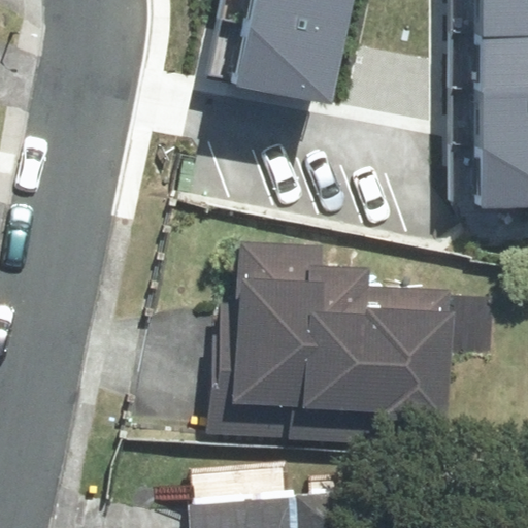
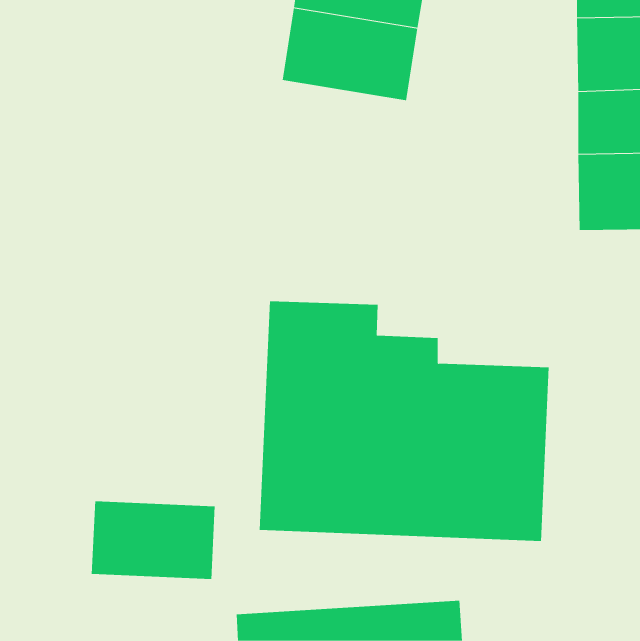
building: none -> [91,501,215,580]

